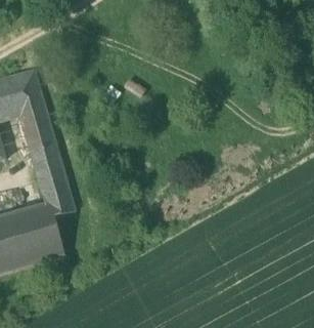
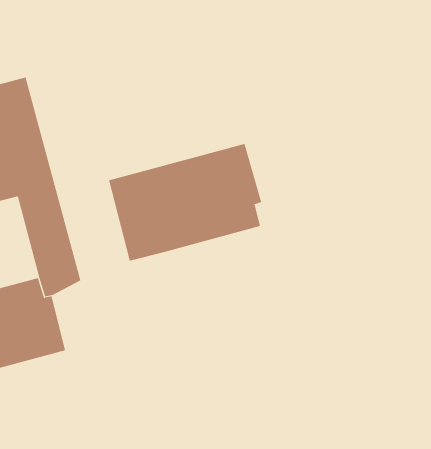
building: none -> [109,143,262,262]

